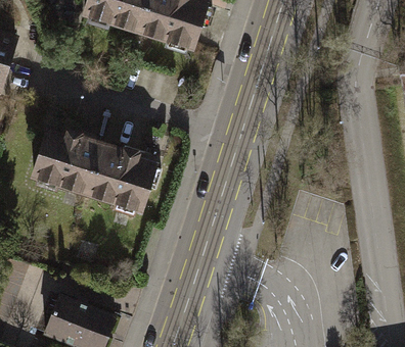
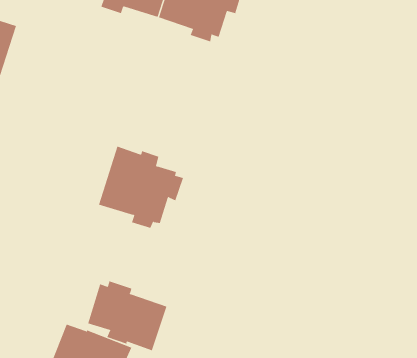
building: [33,130,102,194] -> none
building: none -> [87,281,167,351]

